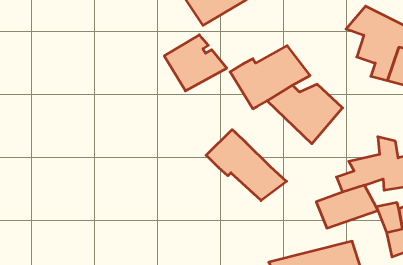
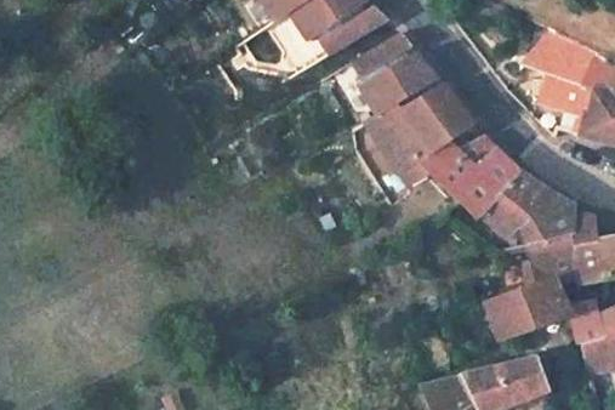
building: [164,35,227,91] -> [354,33,440,110]
building: none -> [483,171,574,245]
building: [206,130,287,201] -> none

